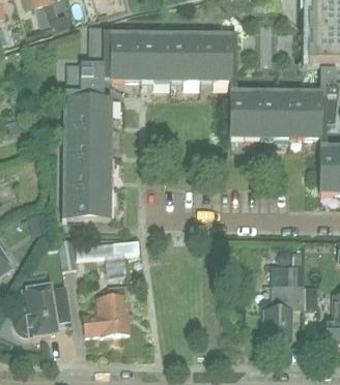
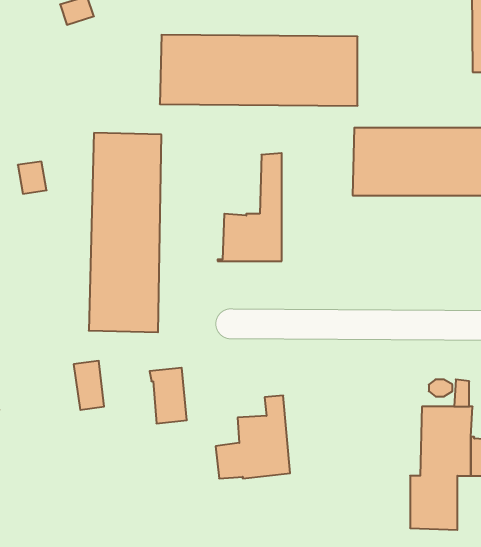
building: [64,26,104,92] -> [218,153,282,261]
building: [83,284,129,334] -> [216,396,290,478]
building: [19,285,72,336] -> none

